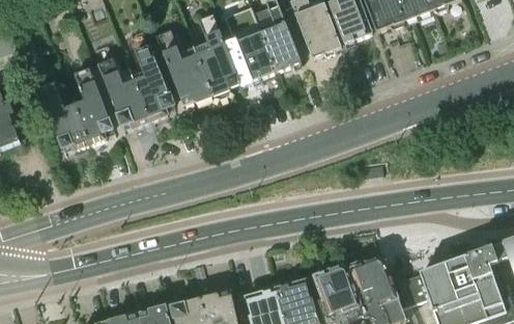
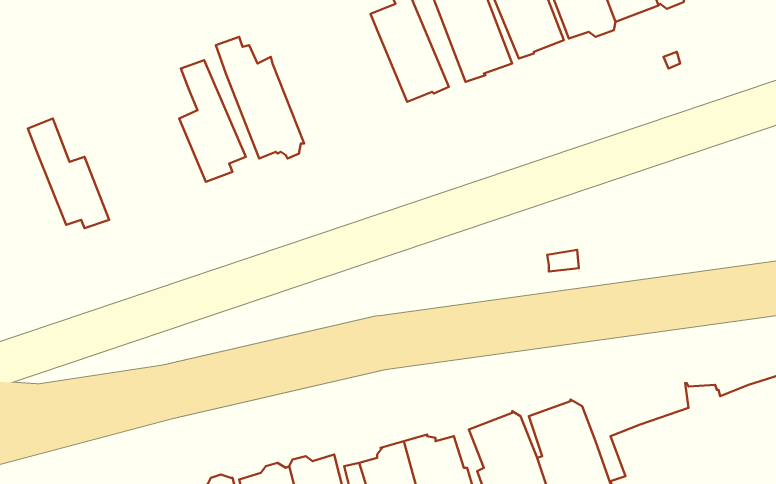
building: [192,14,240,99] -> none
building: [227,17,276,82] -> none
building: [98,58,150,128] -> none
building: [75,68,113,144] -> none

